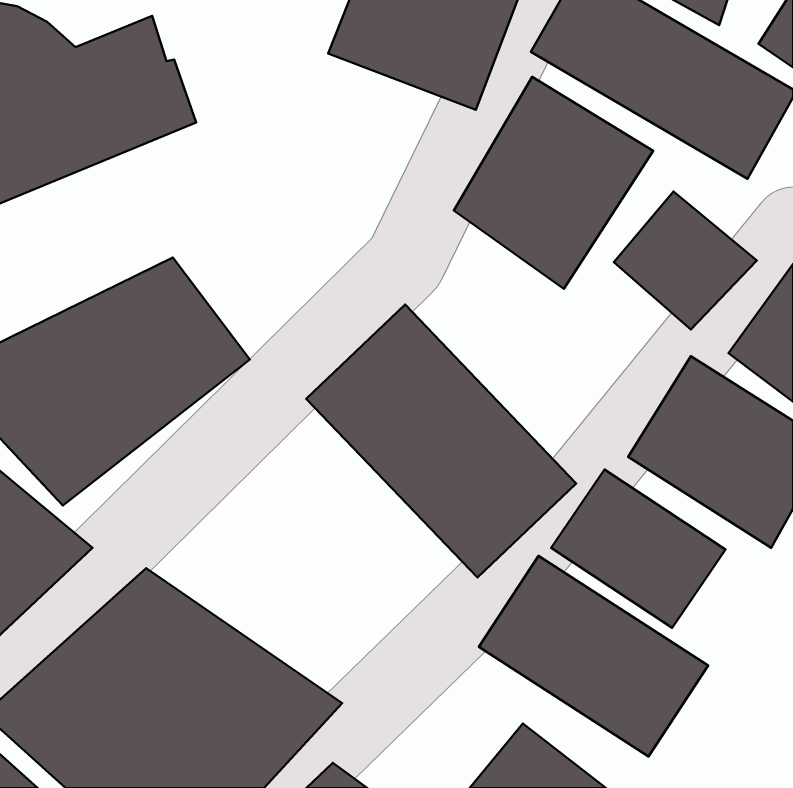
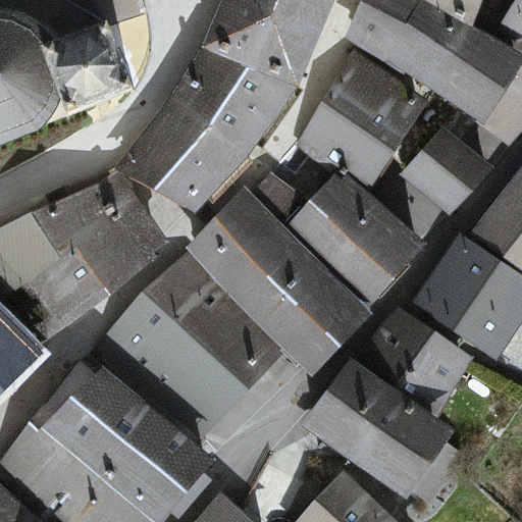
building: none -> [135,46,301,205]
building: none -> [294,175,428,300]
building: none -> [88,261,277,433]

